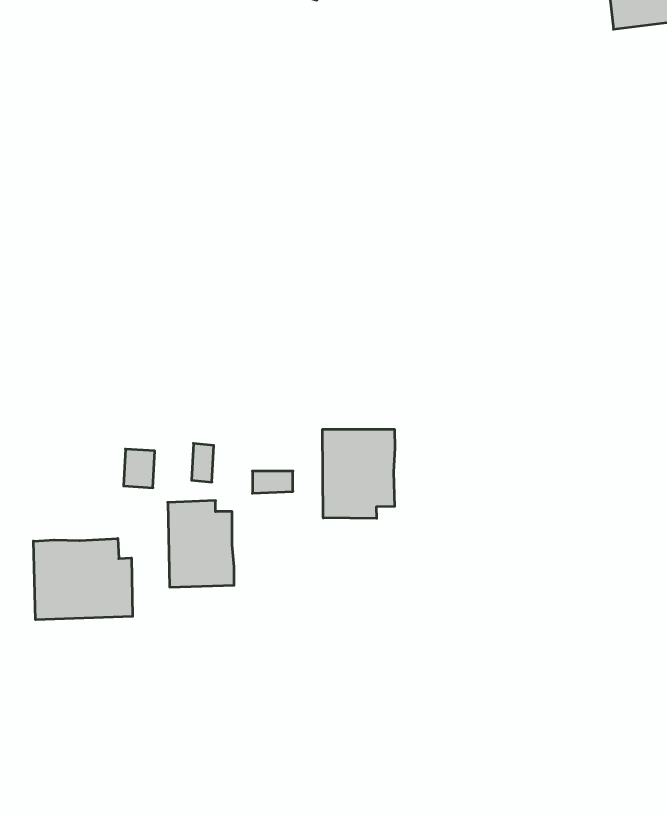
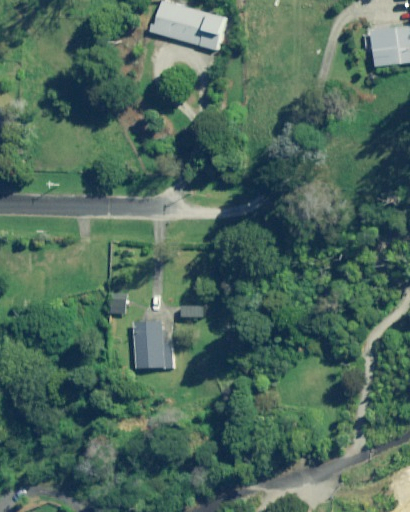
building: [323,429,395,518] -> none
building: [33,538,133,620] -> none

